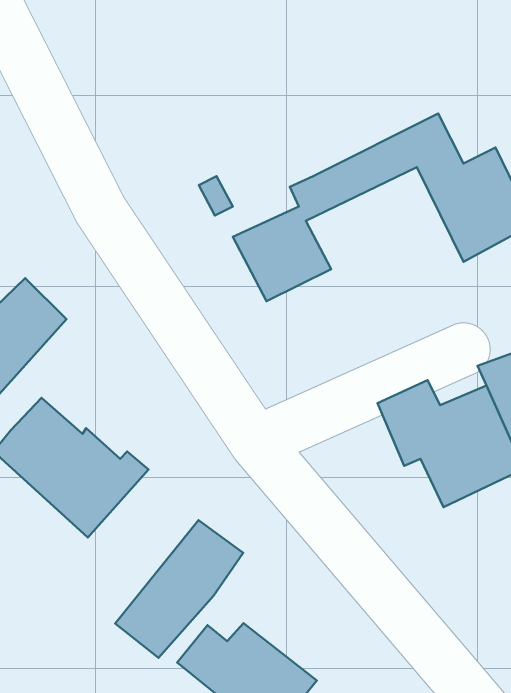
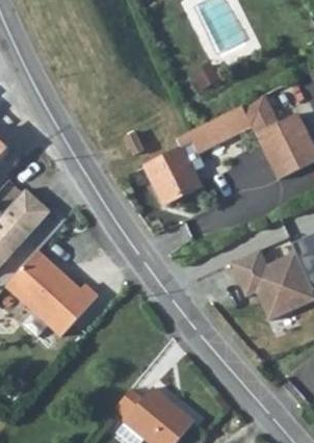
building: [115,520,243,658] -> none

